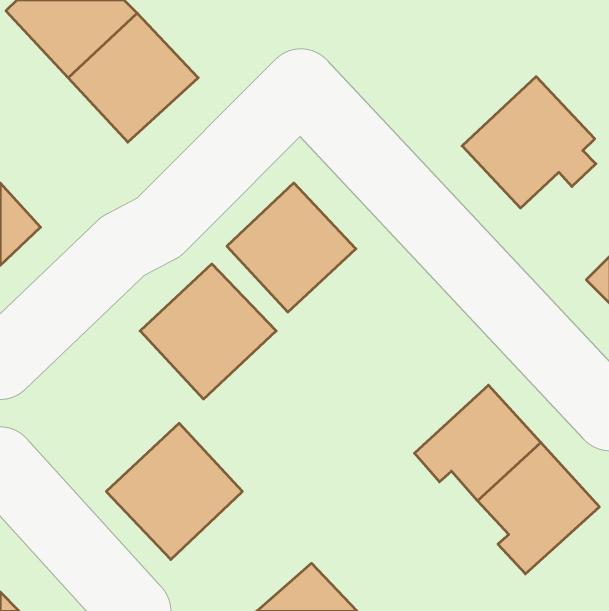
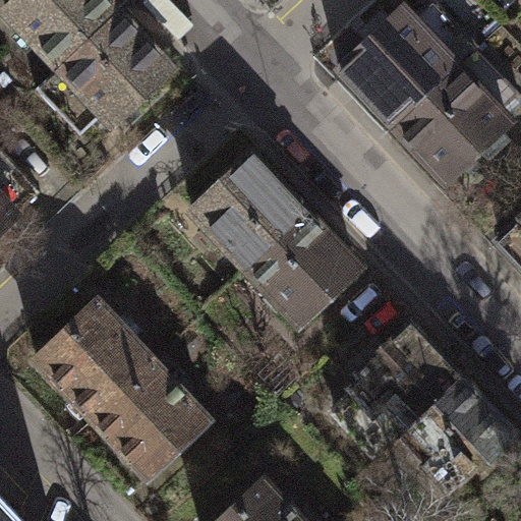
building: none -> [342,9,458,124]
building: none -> [246,212,357,322]
building: [140,264,276,399] -> [38,303,154,418]

